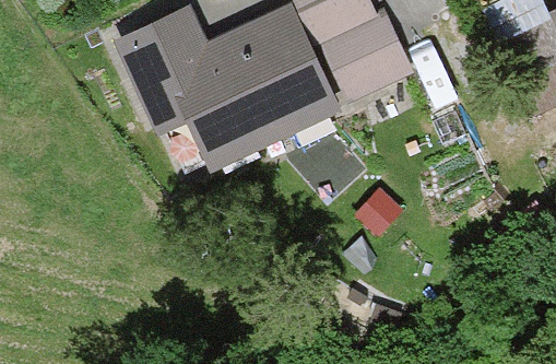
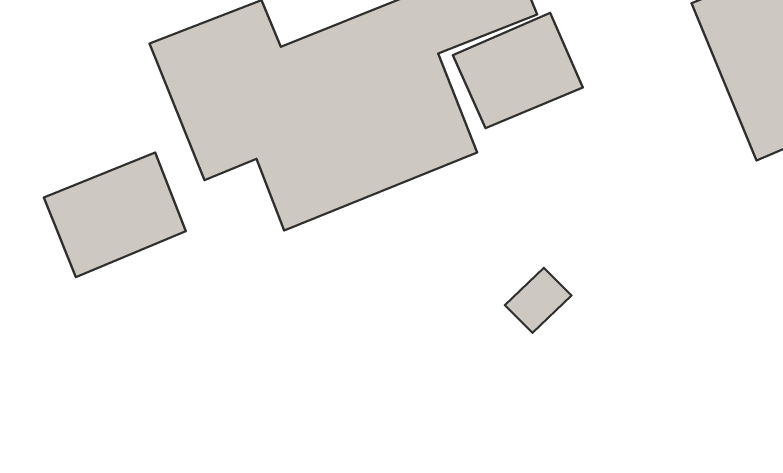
building: none -> [44,153,186,277]

